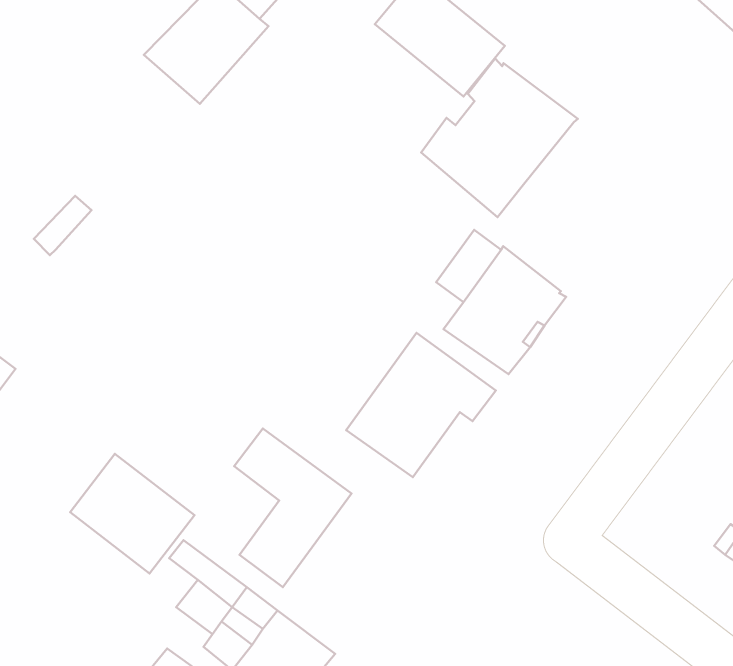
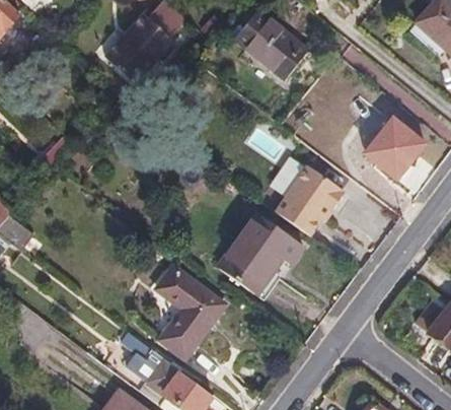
building: [421,58,578,217] -> none
building: none -> [367,119,425,177]
building: [70,454,194,574] -> none

